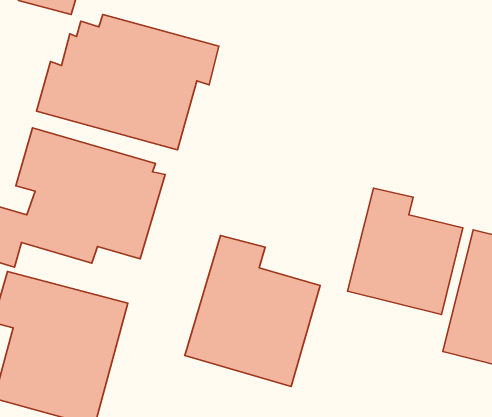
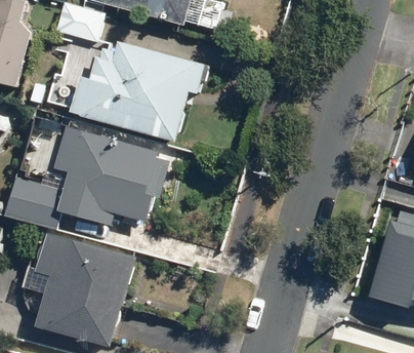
building: [347,188,463,315] -> none
building: [185,236,320,387] -> none

